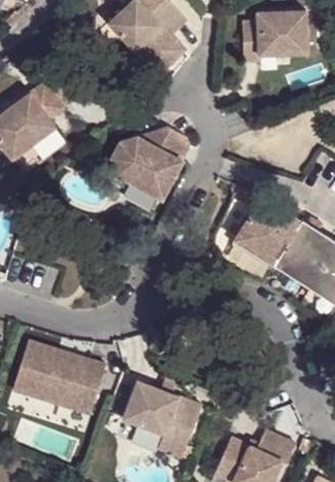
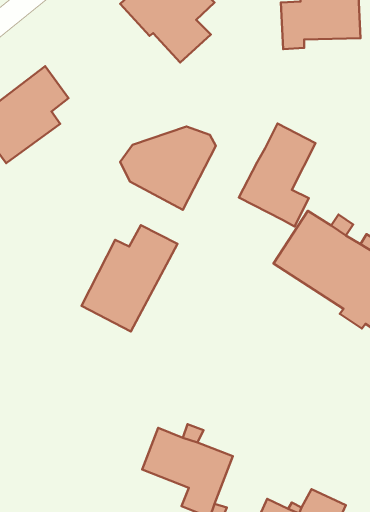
building: none -> [239,123,315,226]
building: none -> [82,225,177,331]
building: [13,338,106,411] -> none

